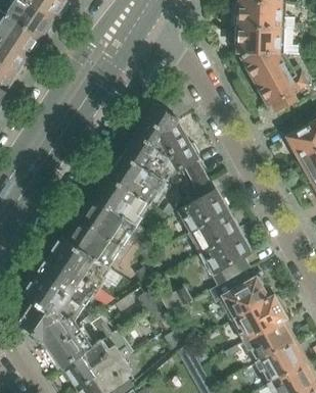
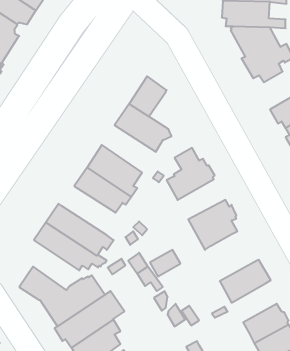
building: [159,122,204,187] -> none
building: [109,157,169,206] -> none
building: [188,213,238,255] -> none
building: [67,220,124,272] -> none
building: [221,271,271,320] -> none
building: [26,277,86,329] -> none
building: [244,322,292,362] -> none

